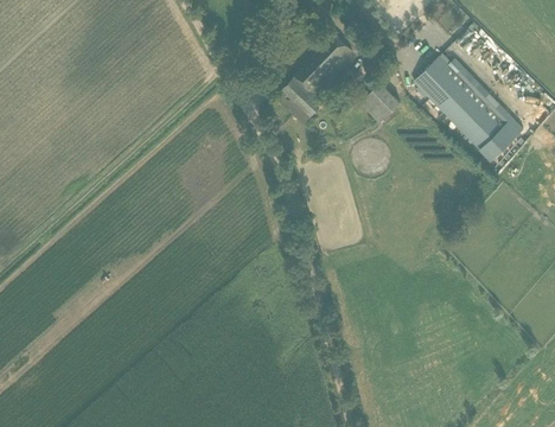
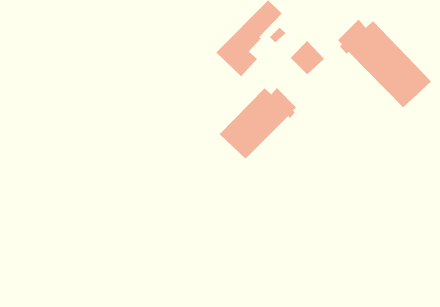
building: none -> [219,87,297,160]

